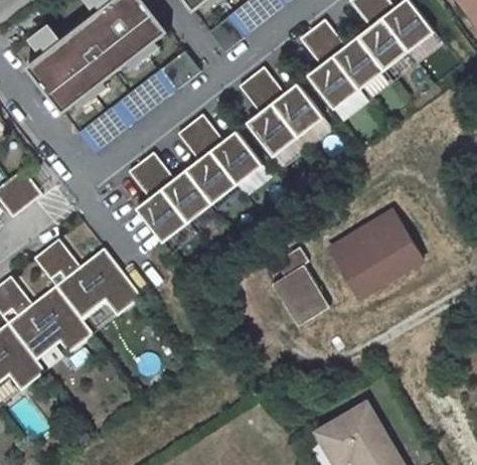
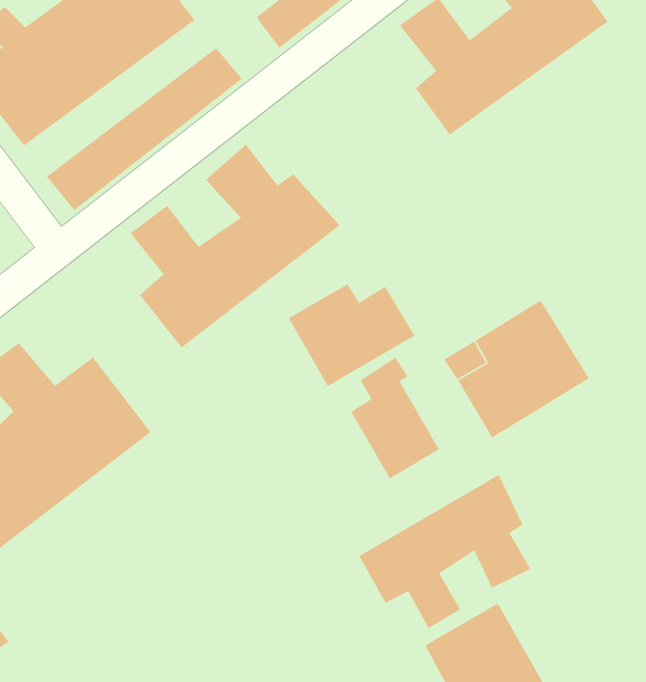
building: [238,65,323,154] -> none
building: none -> [288,283,416,387]
building: none -> [358,474,531,629]

